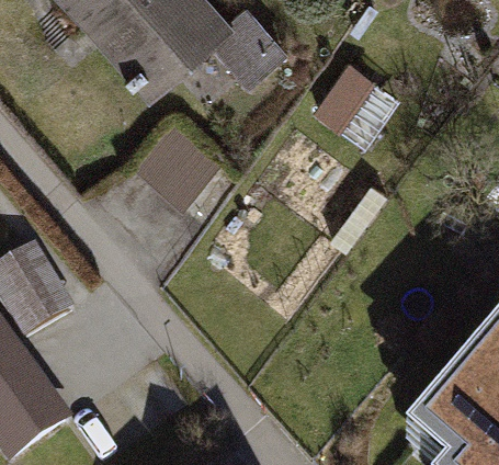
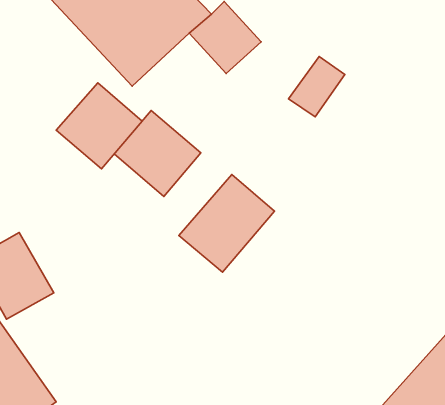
building: none -> [56,83,142,169]
building: none -> [179,175,274,272]

